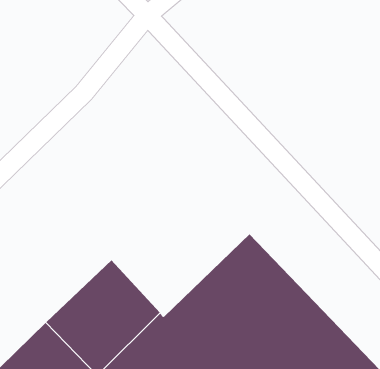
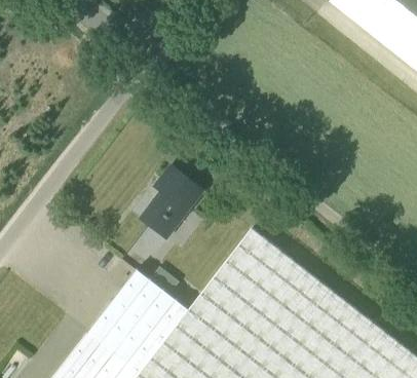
building: none -> [141,166,203,239]

